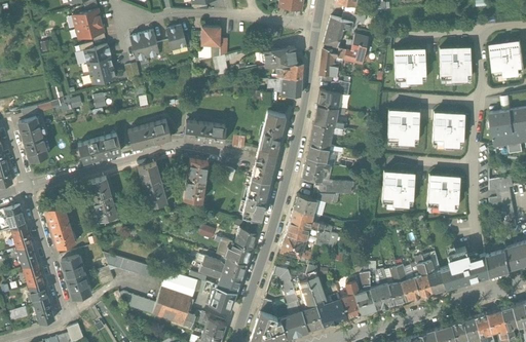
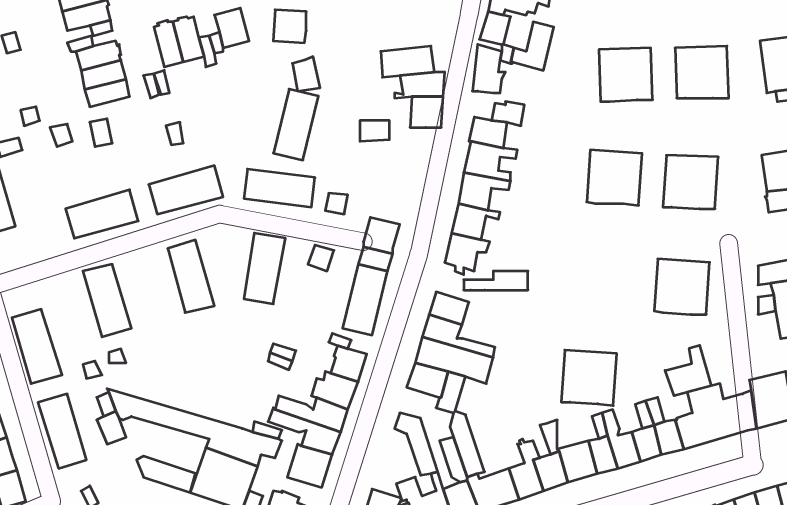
building: [259,112,286,154] -> [273,89,318,160]
building: [382,172,415,204] -> [561,350,617,406]
building: none -> [665,345,711,396]

